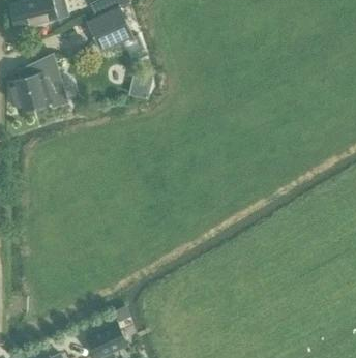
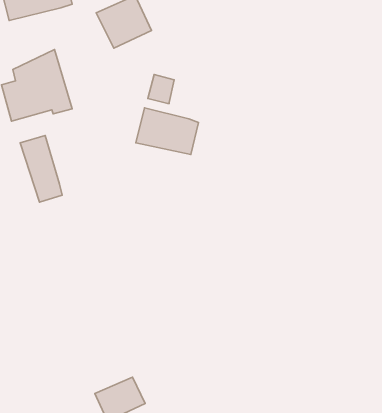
building: none -> [136,108,199,154]
building: none -> [20,136,62,202]

